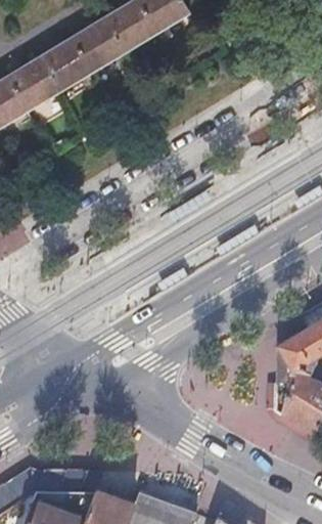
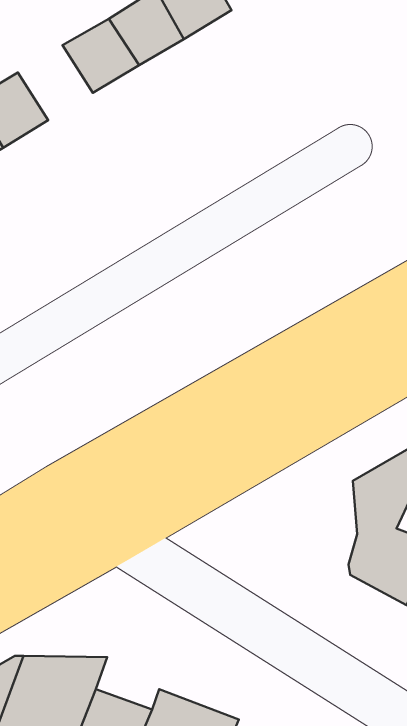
building: [39,38,92,91] -> none

